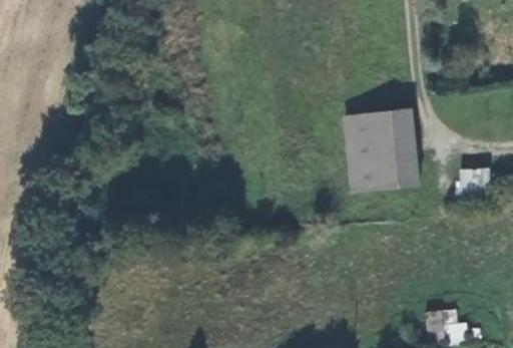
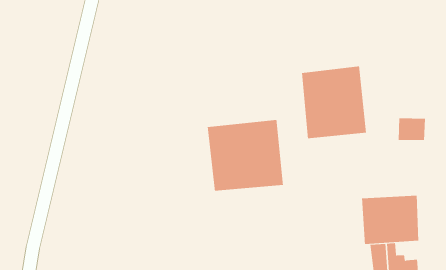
building: none -> [207,119,284,192]
building: none -> [362,195,419,245]

